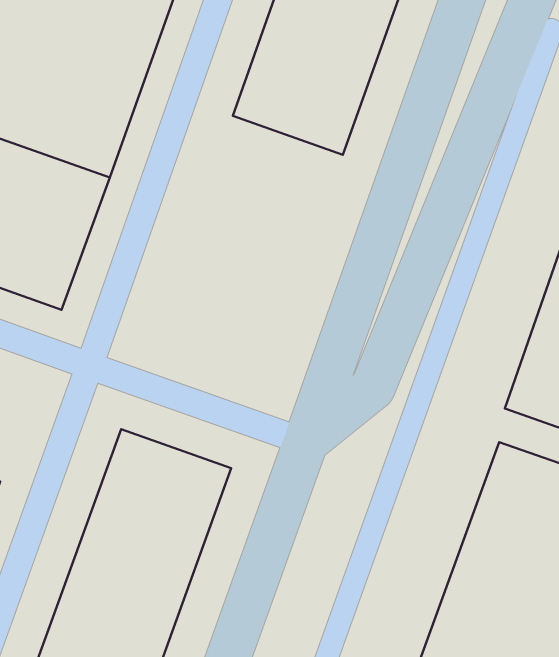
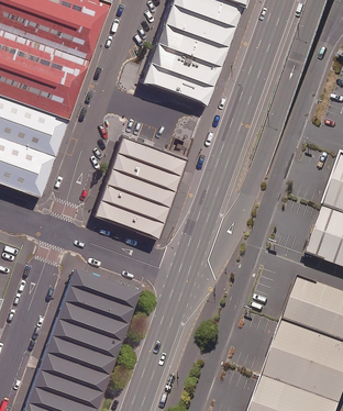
building: none -> [95,133,188,237]

